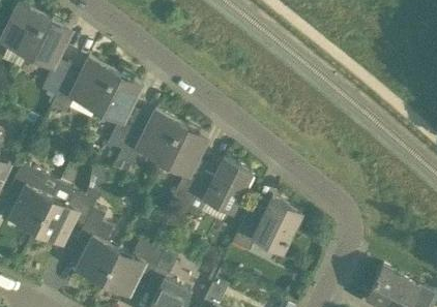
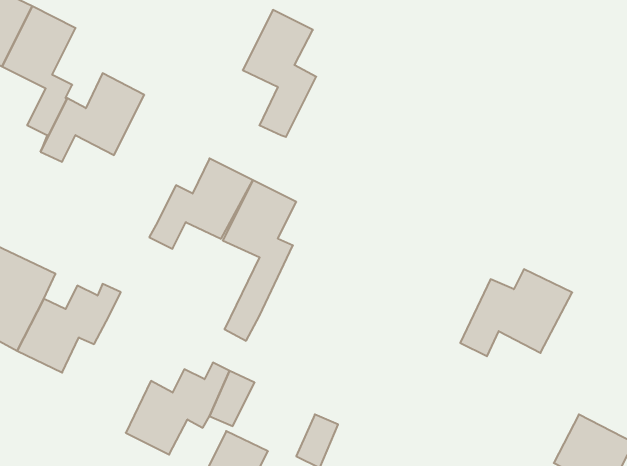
building: [95,72,141,151] -> [243,10,316,137]
building: [185,159,252,217] -> none
building: [231,201,300,254] -> [460,269,572,356]
building: [77,209,118,281] -> none

